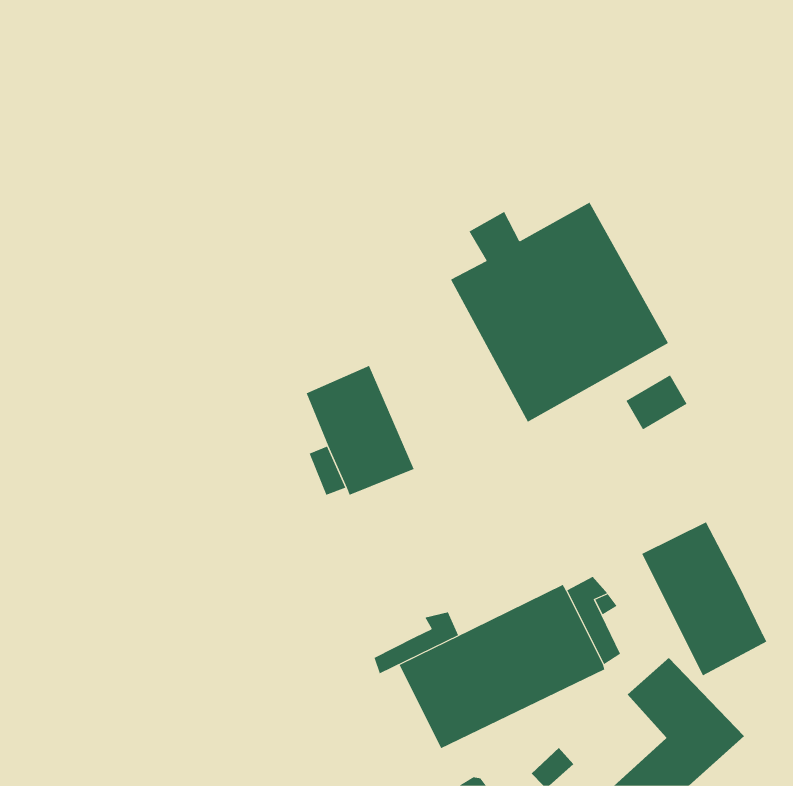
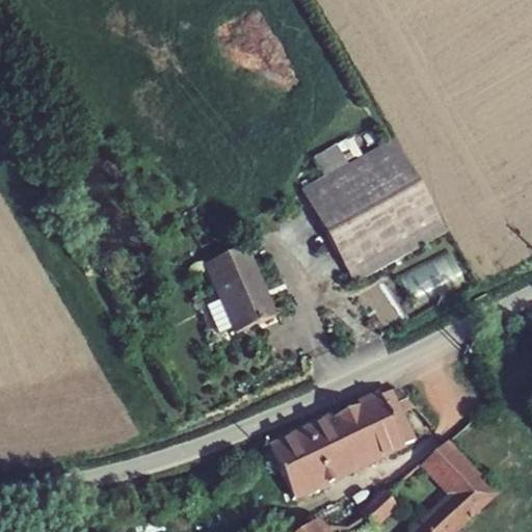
building: [642,522,767,676] -> none
building: [374,612,459,674] -> none

